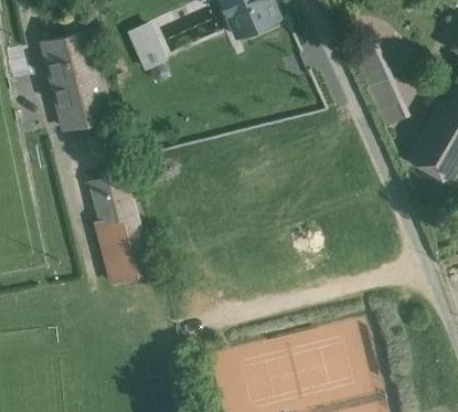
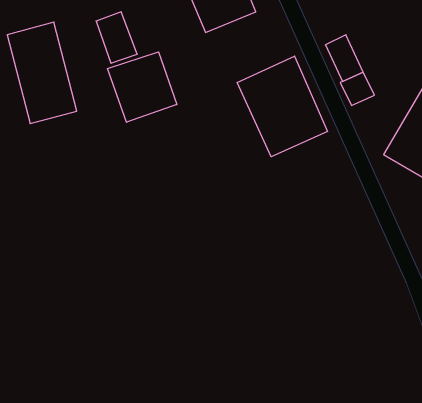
building: none -> [108,52,177,122]
building: none -> [237,56,328,157]
building: [90,173,150,283] -> none

